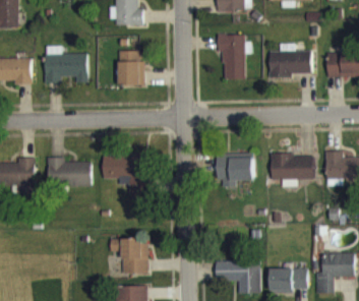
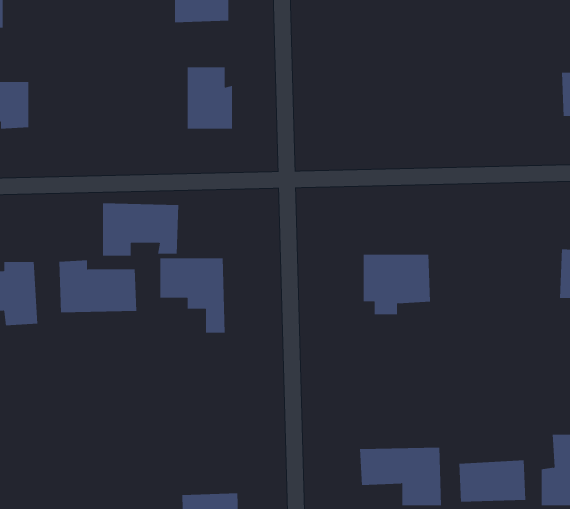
building: [218,35,245,79] -> none
building: [270,44,312,78] -> none
building: [45,54,87,83] -> [102,203,179,256]
building: [272,155,314,186] -> none
building: [110,238,147,274] -> none

